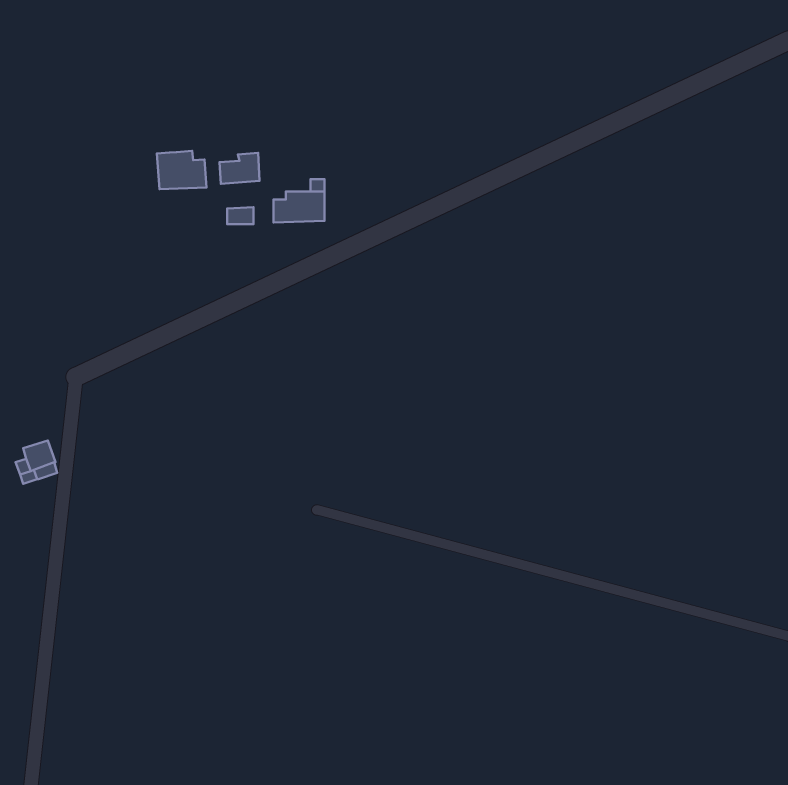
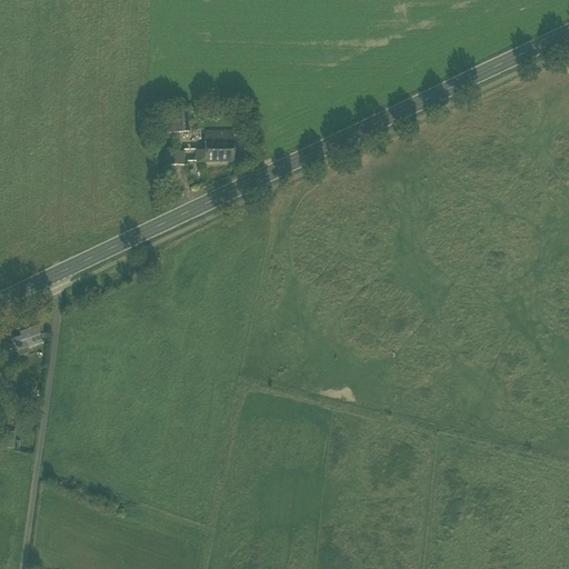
building: [157,151,207,189] -> none

